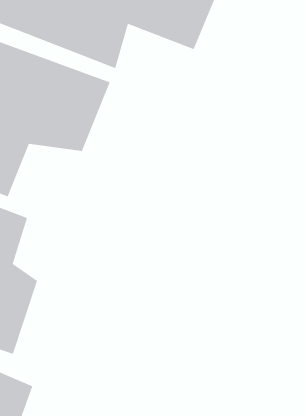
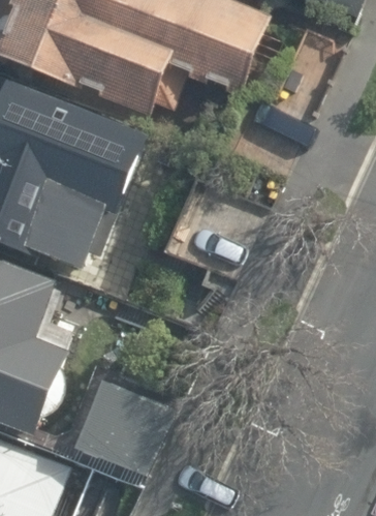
building: none -> [65,383,165,482]

